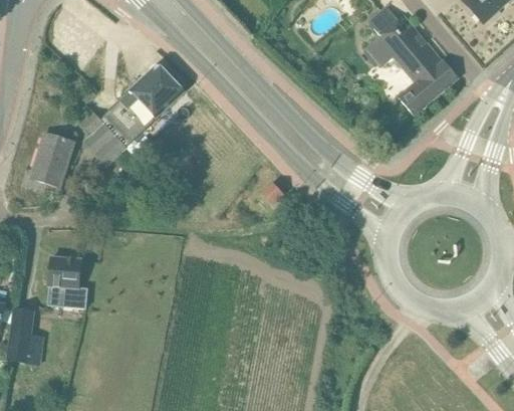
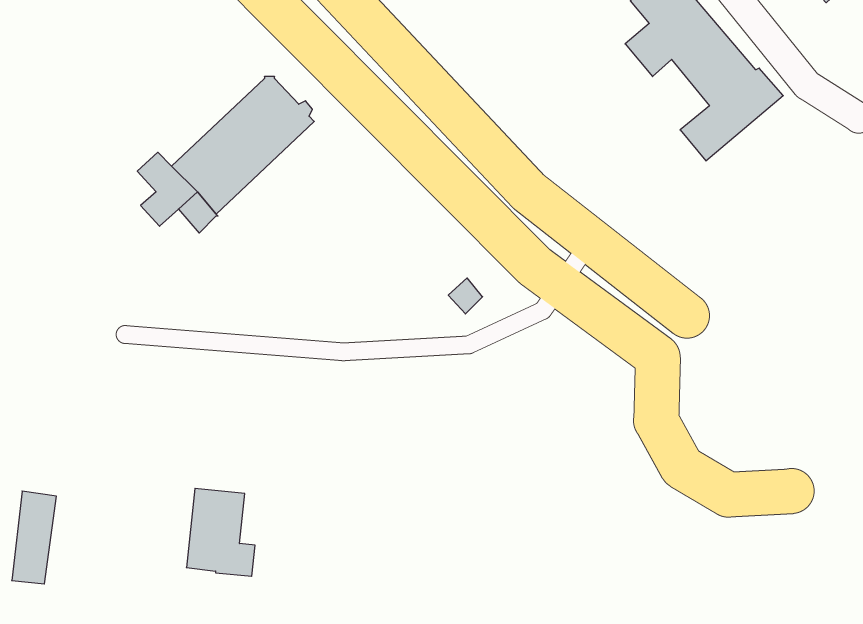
building: [30,132,73,187] -> none
building: [46,256,86,307] -> [186,488,255,576]

